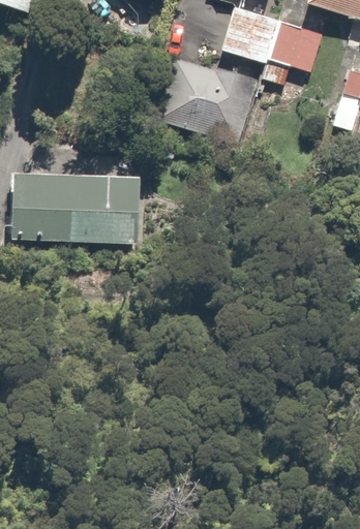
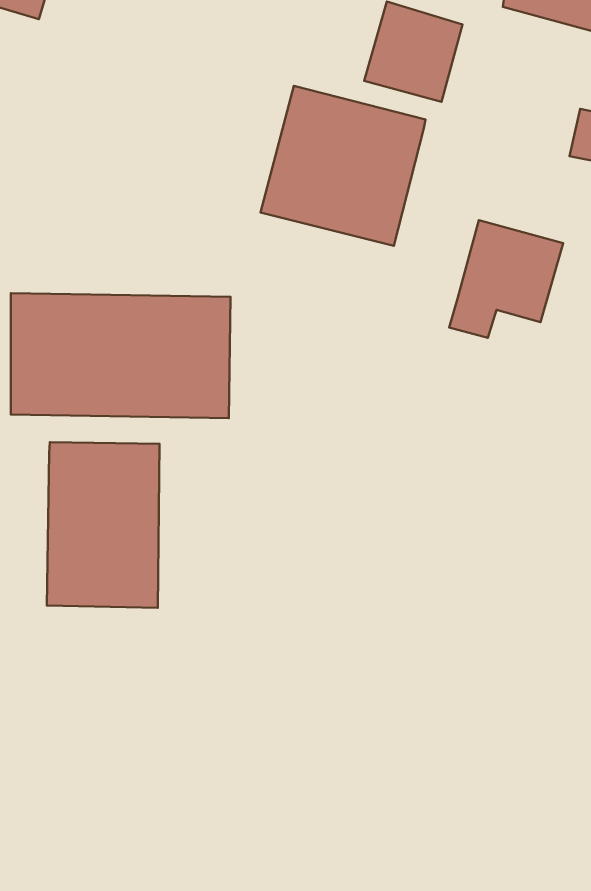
building: [260,14,327,84] -> [449,220,563,338]
building: none -> [47,442,160,608]

